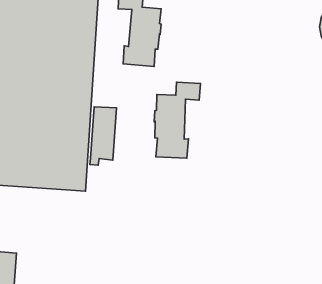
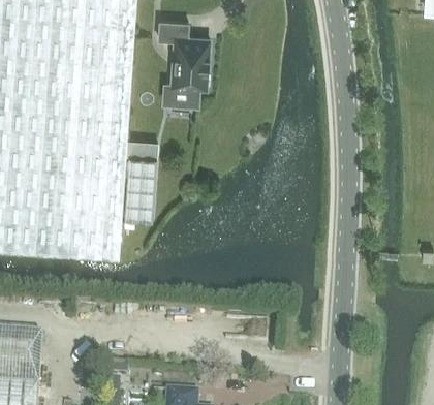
building: [154,82,201,158] -> none

